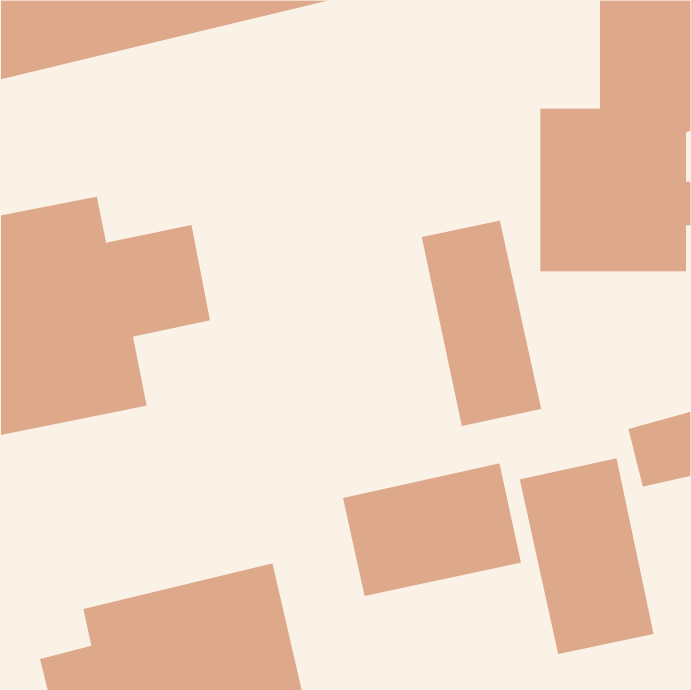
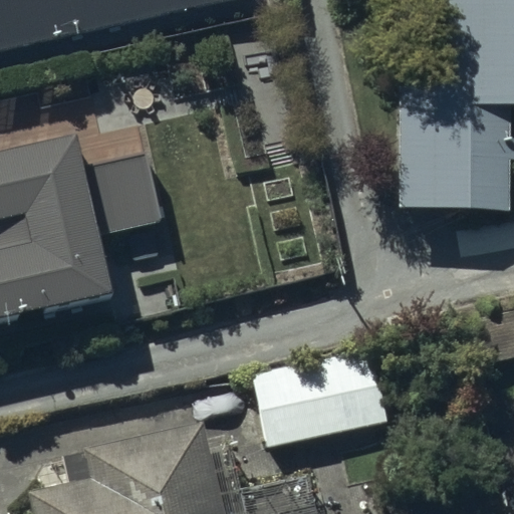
building: [421,220,542,427] -> none
building: [519,458,654,655] -> none

